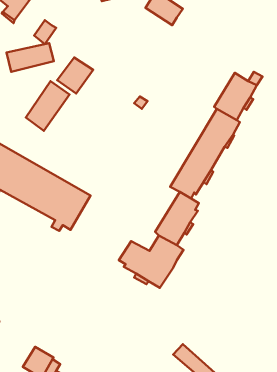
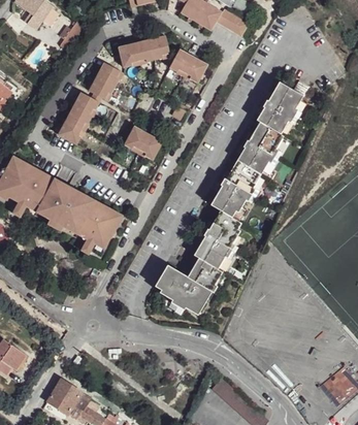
building: none -> [216,10,248,38]
building: none -> [168,50,205,85]
building: [6,43,54,72] -> [118,37,169,68]
building: none -> [122,131,160,166]

